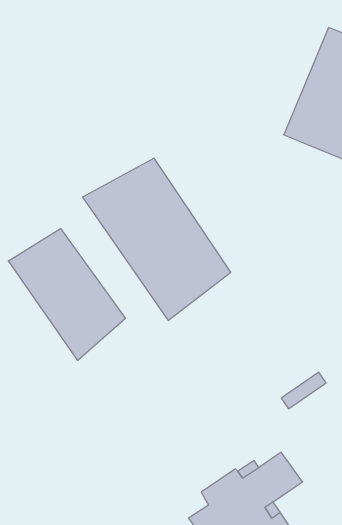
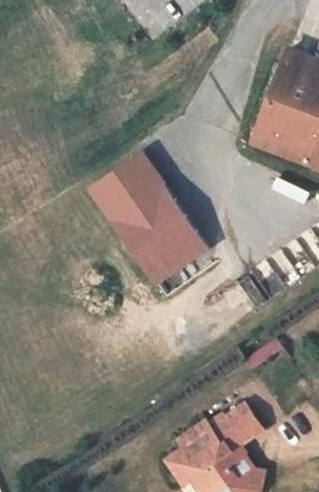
building: [8,229,125,361] -> none

